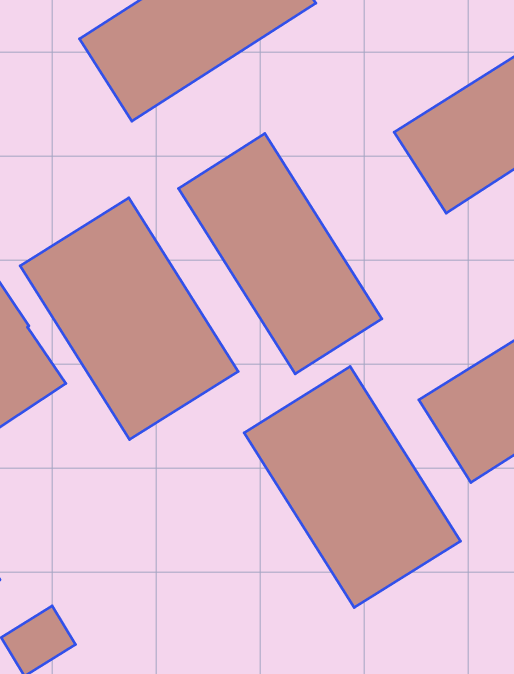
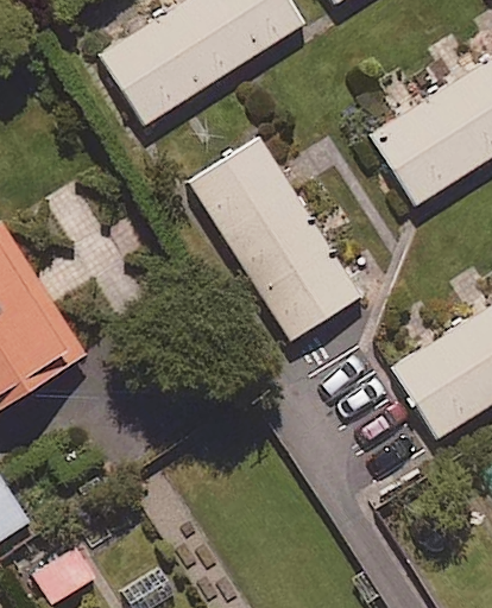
building: [20,198,238,440] -> none
building: [244,366,460,608] -> none

